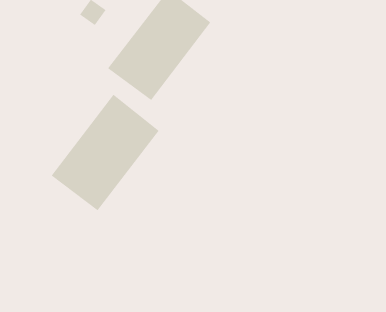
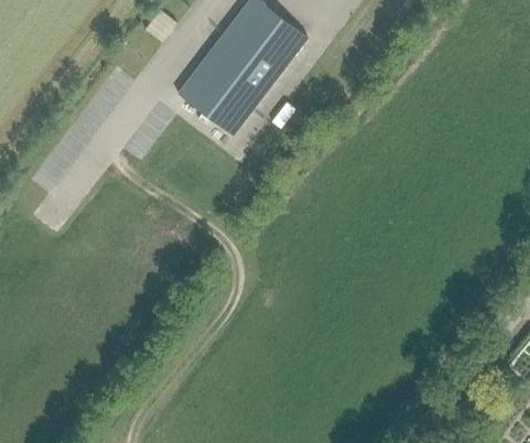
building: [51,94,160,211] -> none

